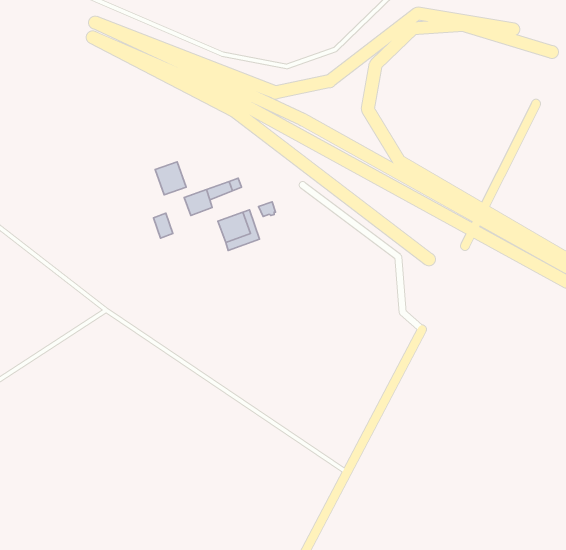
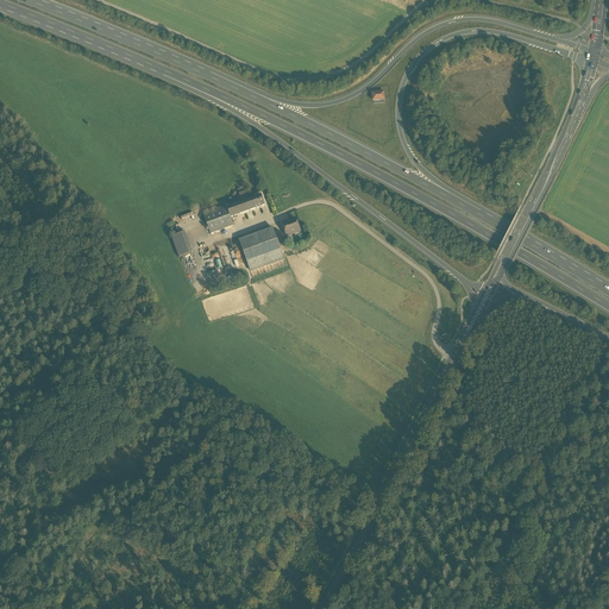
building: [155,162,186,195] -> none

